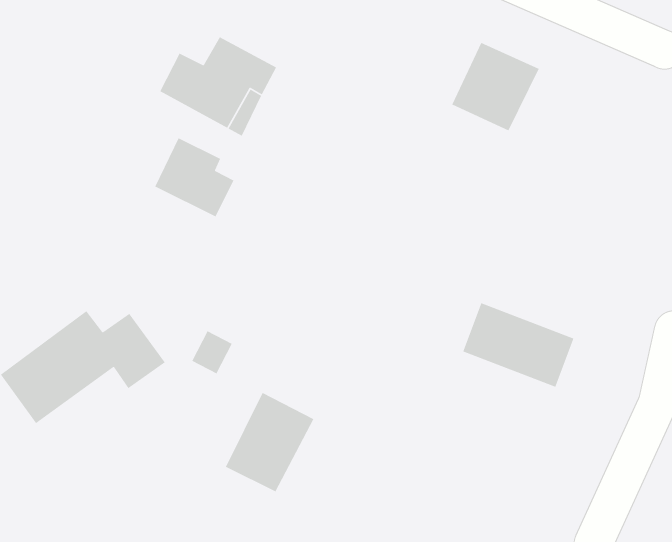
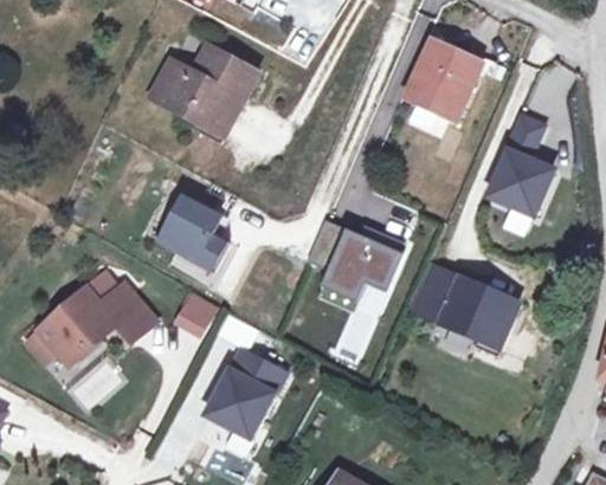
building: none -> [486,116,554,218]
building: [154,137,235,218] -> [159,198,230,269]
building: none -> [314,225,400,299]

